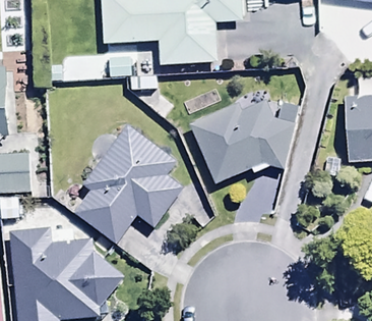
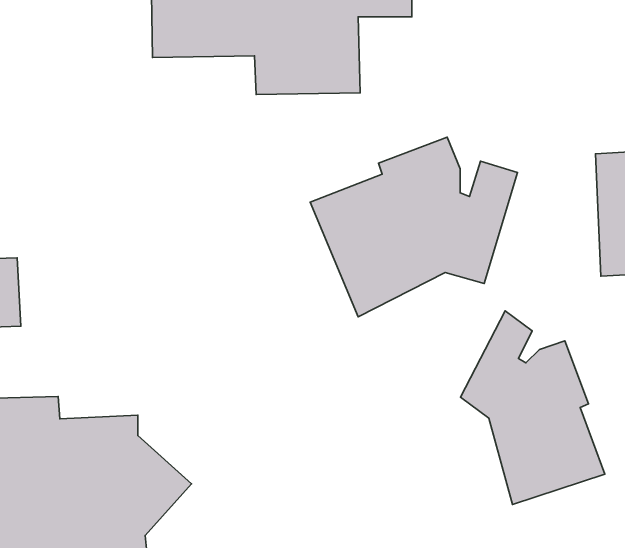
building: [73,123,182,244] -> none
building: none -> [461,311,605,505]

